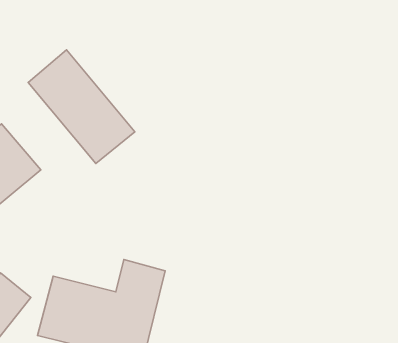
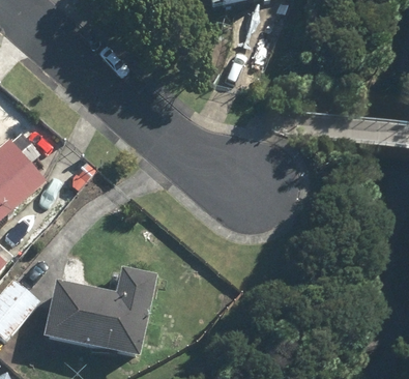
building: [28,50,135,164] -> none

